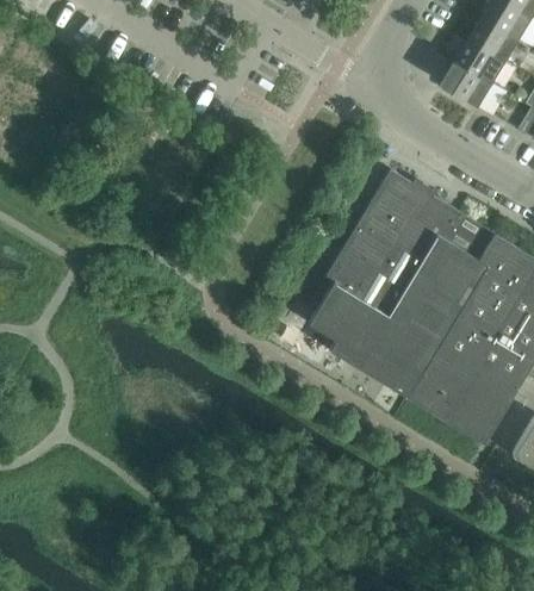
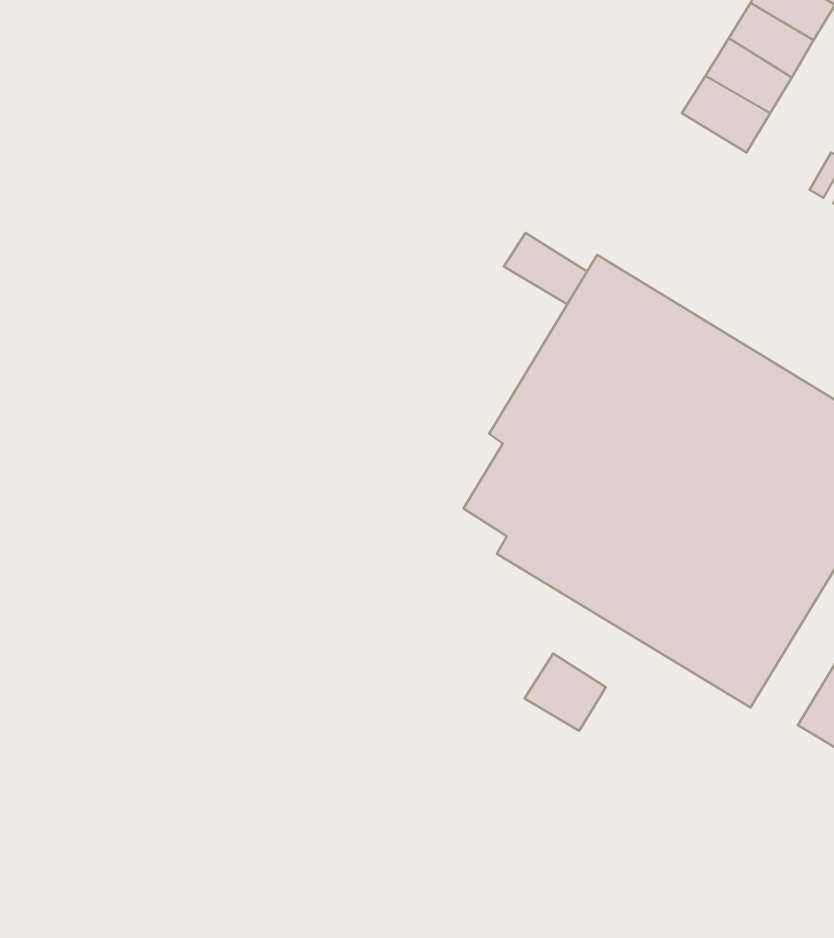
building: none -> [504,233,587,304]
building: none -> [525,654,606,731]

